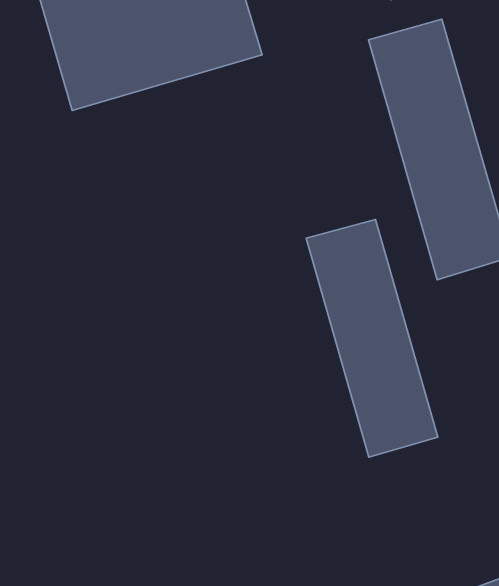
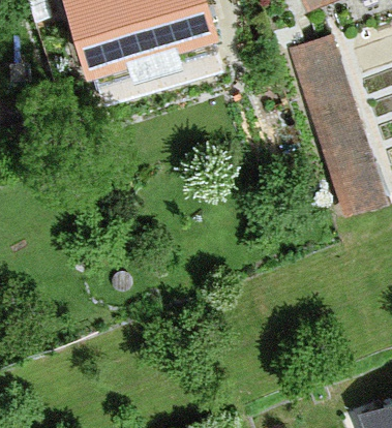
building: [306,219,438,457] -> none

